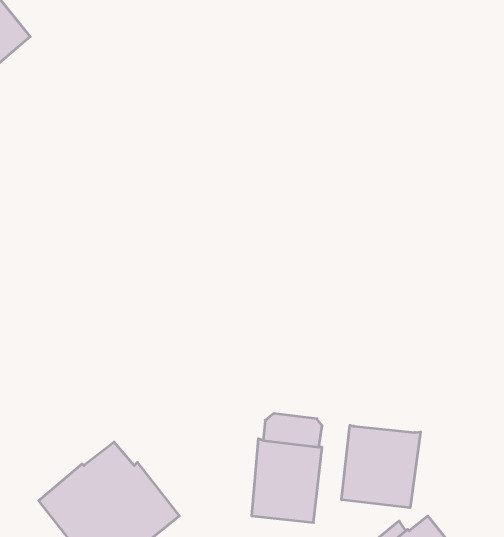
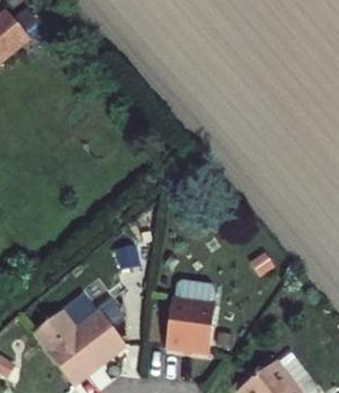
building: [342,425,421,508] -> none

